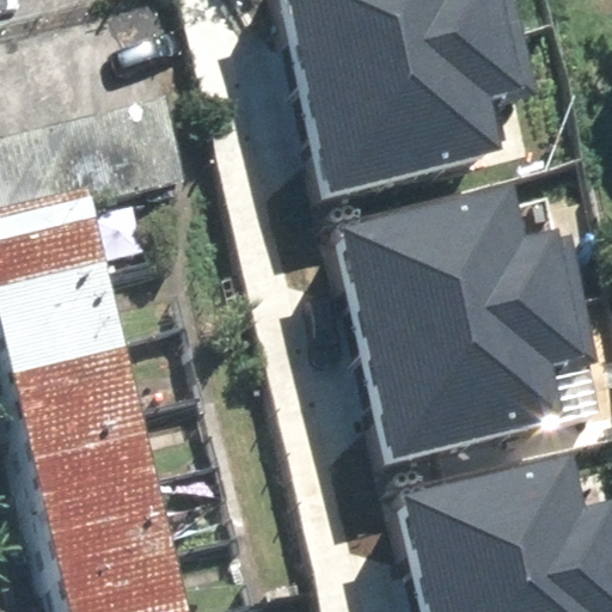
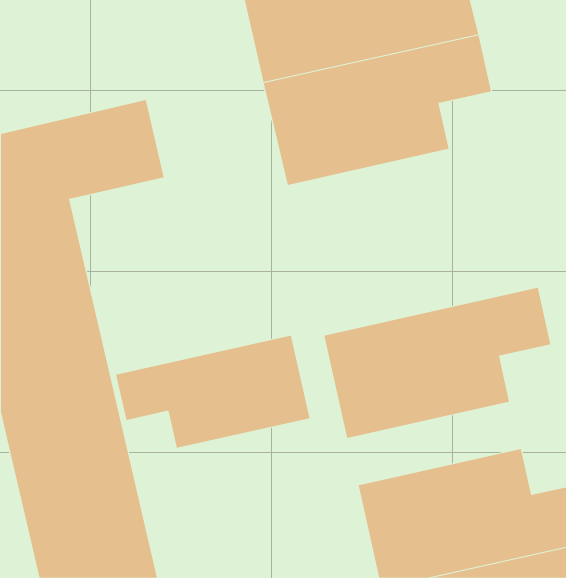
building: [332,202,582,350] -> none
building: none -> [116,335,310,449]

